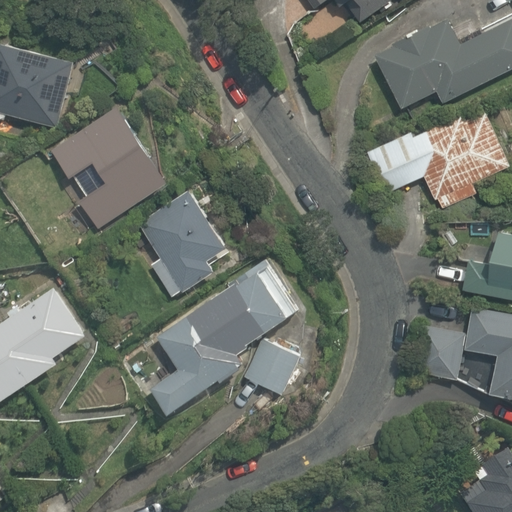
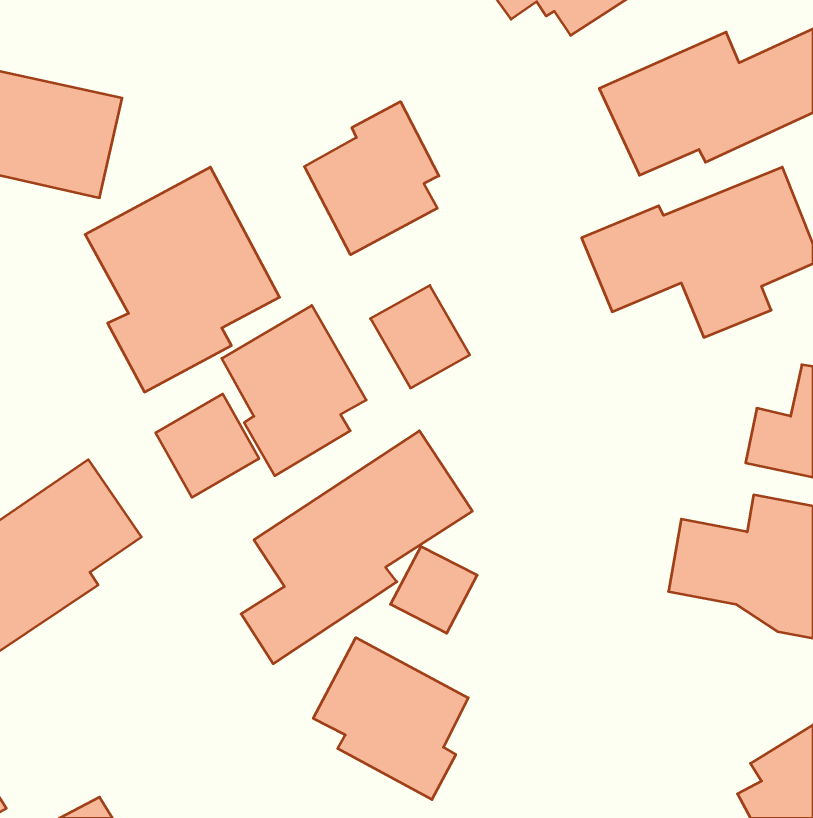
building: none -> [304,102,439,255]
building: none -> [370,285,470,388]
building: none -> [156,394,259,497]
building: none -> [313,638,468,800]

